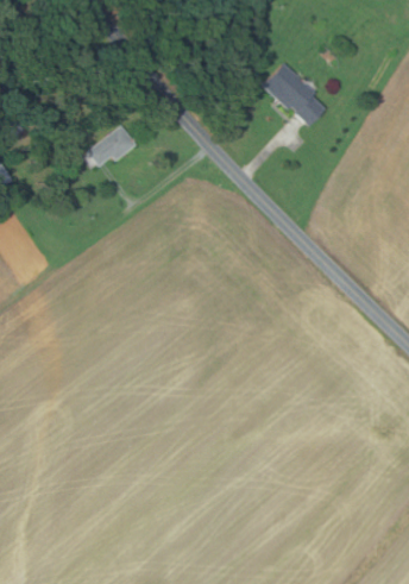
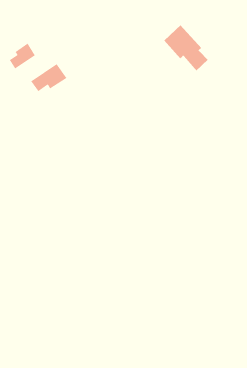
building: none -> [9,43,36,69]

